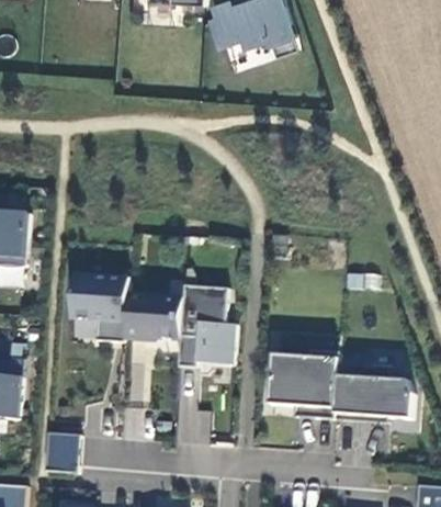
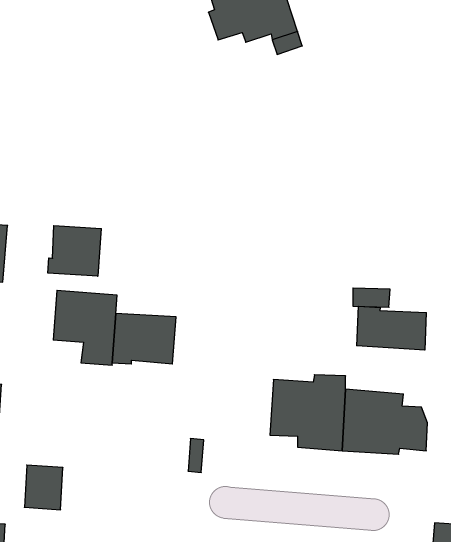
building: none -> [48,226,101,276]
building: [178,284,235,367] -> none
building: none -> [357,306,426,350]

